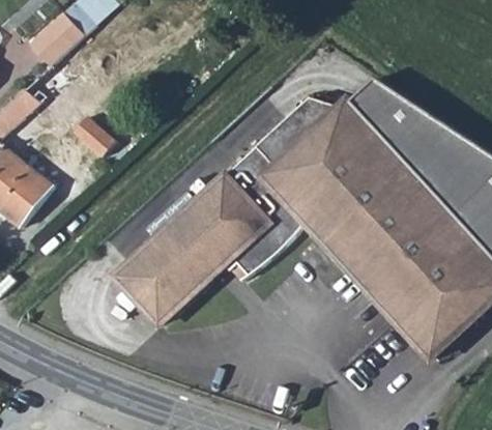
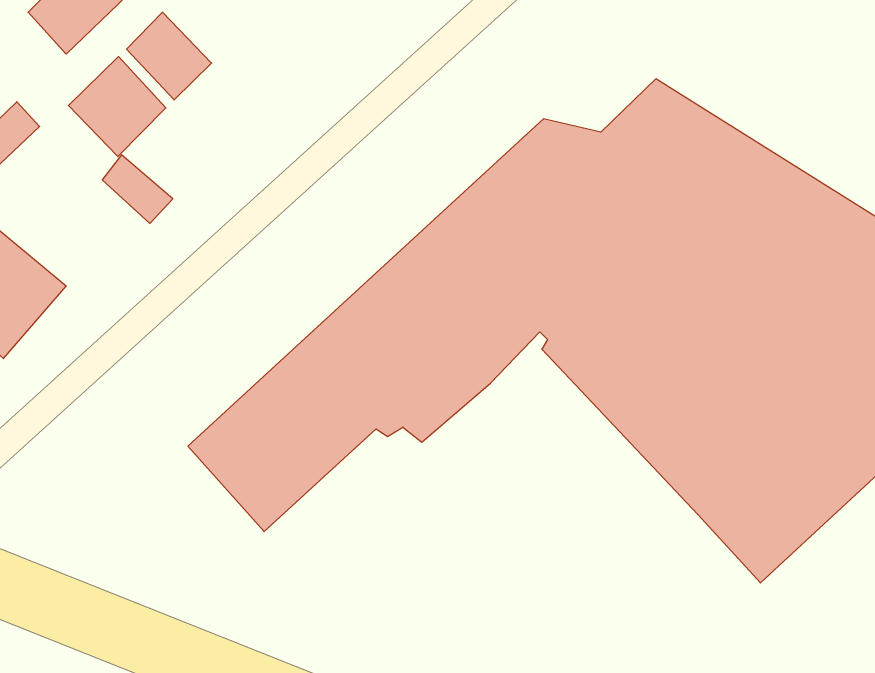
building: none -> [127,12,212,100]
building: none -> [68,57,166,157]

